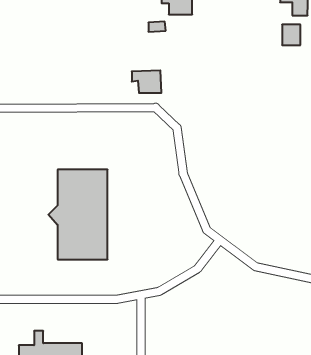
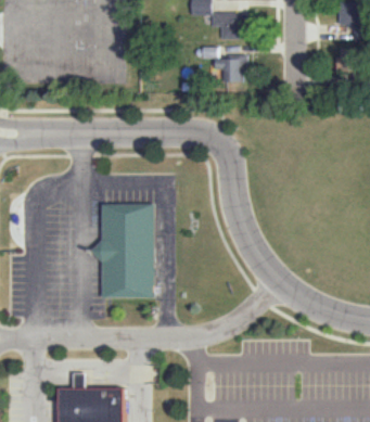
building: [132,70,161,93] -> [212,57,243,81]

